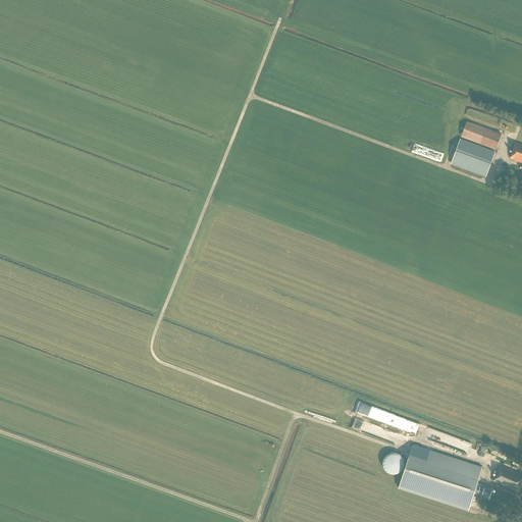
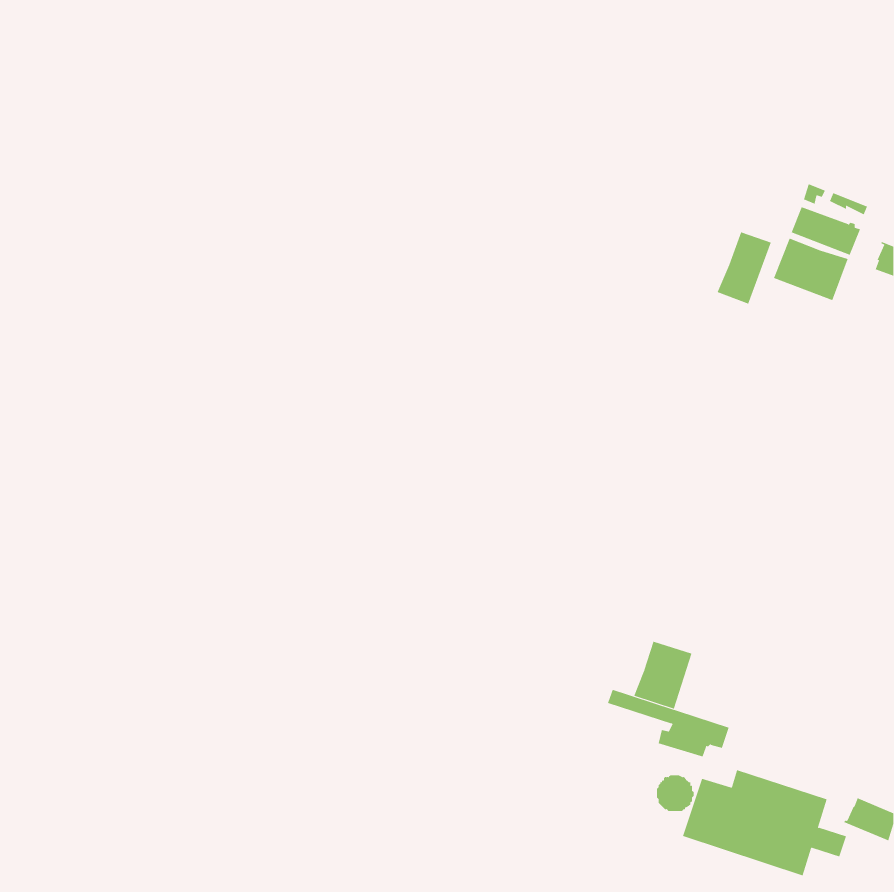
building: none -> [717,231,771,304]
building: none -> [634,641,692,709]

